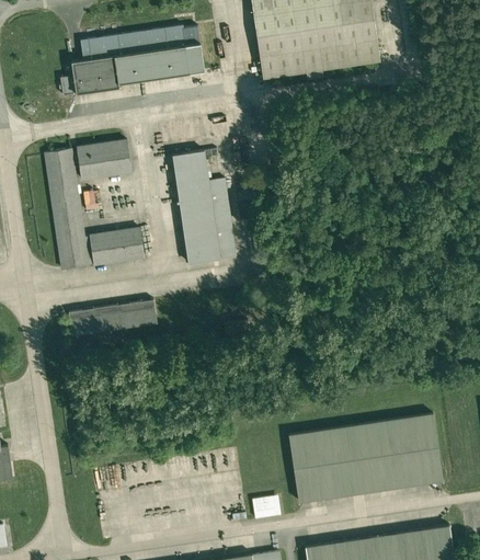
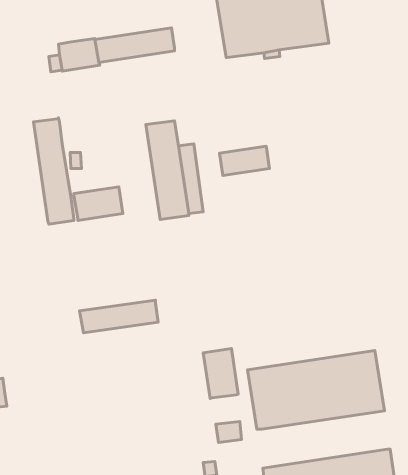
building: [80,24,201,61] -> none
building: [76,139,132,180] -> none
building: none -> [219,146,270,175]
building: [67,300,157,338] -> [80,300,158,333]
building: none -> [203,348,238,398]

